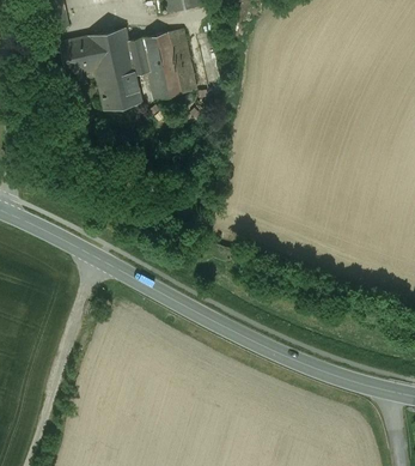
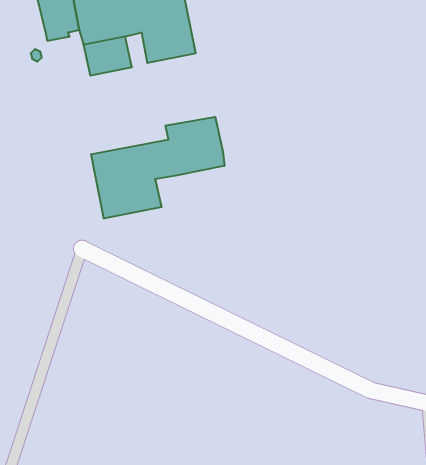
building: none -> [91,117,224,219]

